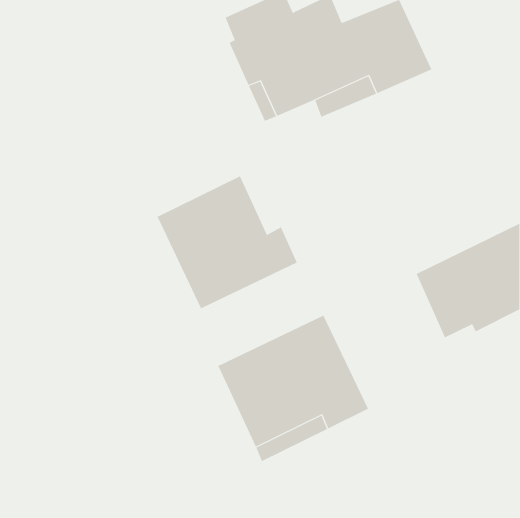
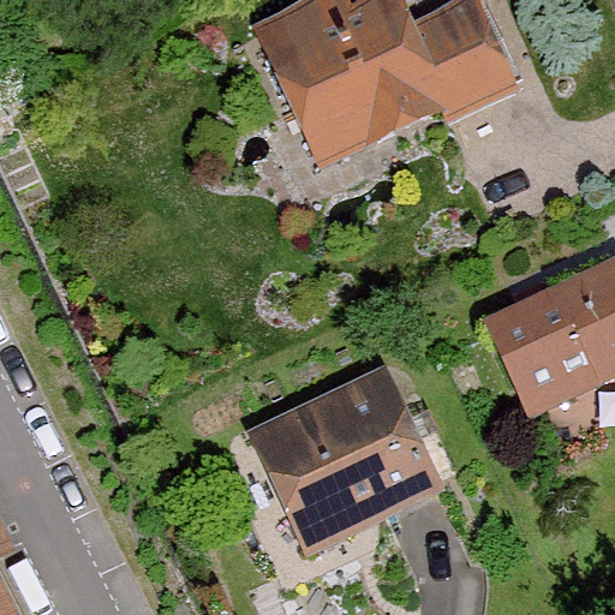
building: [157,176,298,309] -> none

